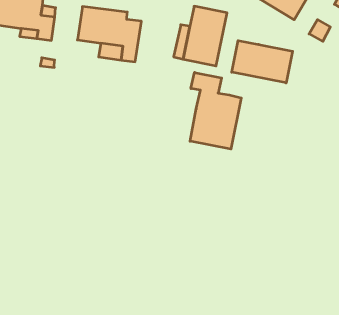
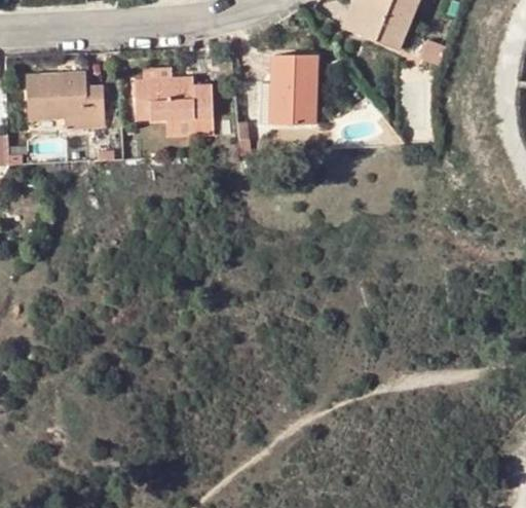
building: [232,41,293,83] -> none
building: [190,72,241,149] -> none

